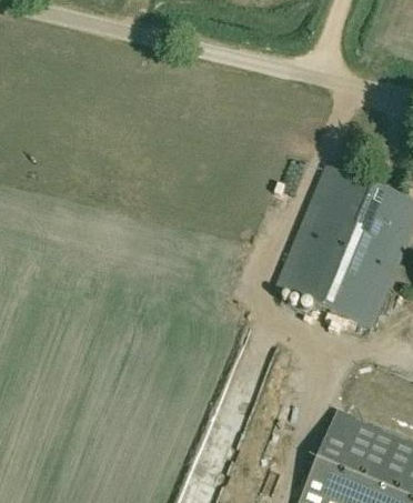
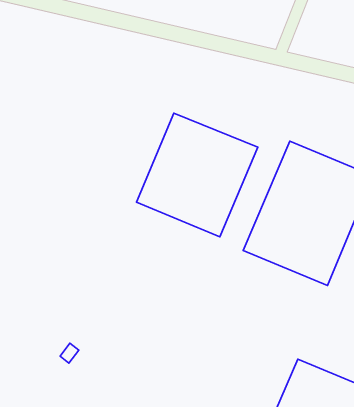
building: none -> [137,113,258,237]

